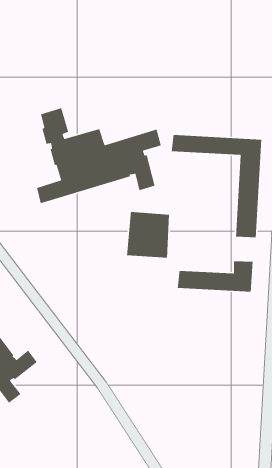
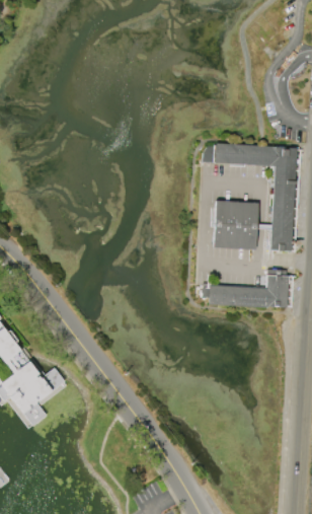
building: [36,107,162,204] -> none
building: [126,211,170,259] -> [212,200,257,249]

